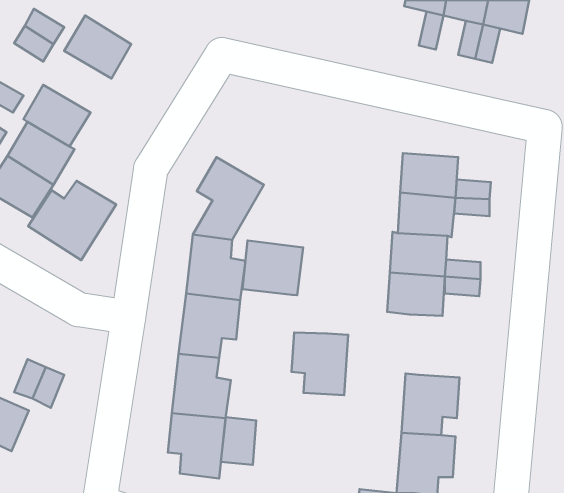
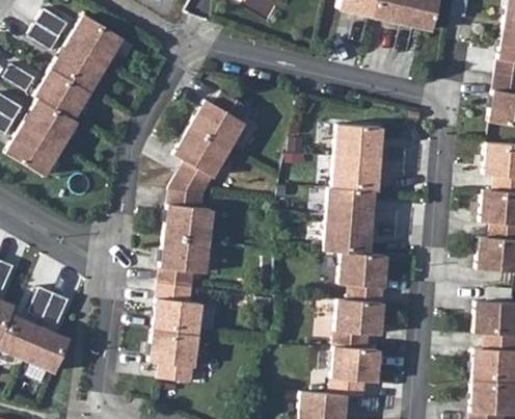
building: none -> [53,43,107,91]
building: none -> [190,91,251,149]
building: [28,181,116,260] -> none
building: [242,241,303,295] -> none
building: [292,332,348,395] -> [341,252,385,302]
building: none -> [28,328,71,371]
building: [221,417,256,465] -> none

